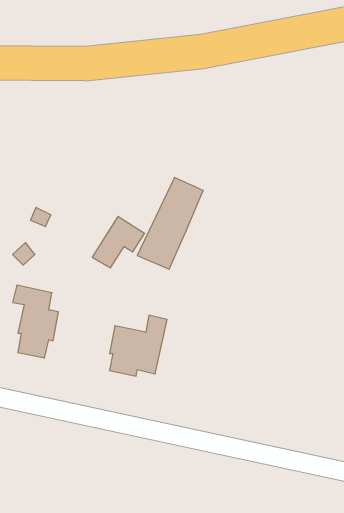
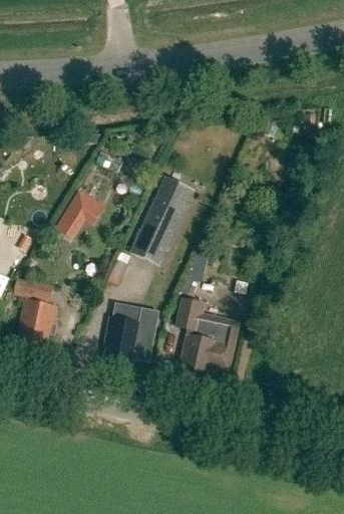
building: [92,216,145,268] -> [55,190,104,238]
building: none -> [178,298,239,379]

